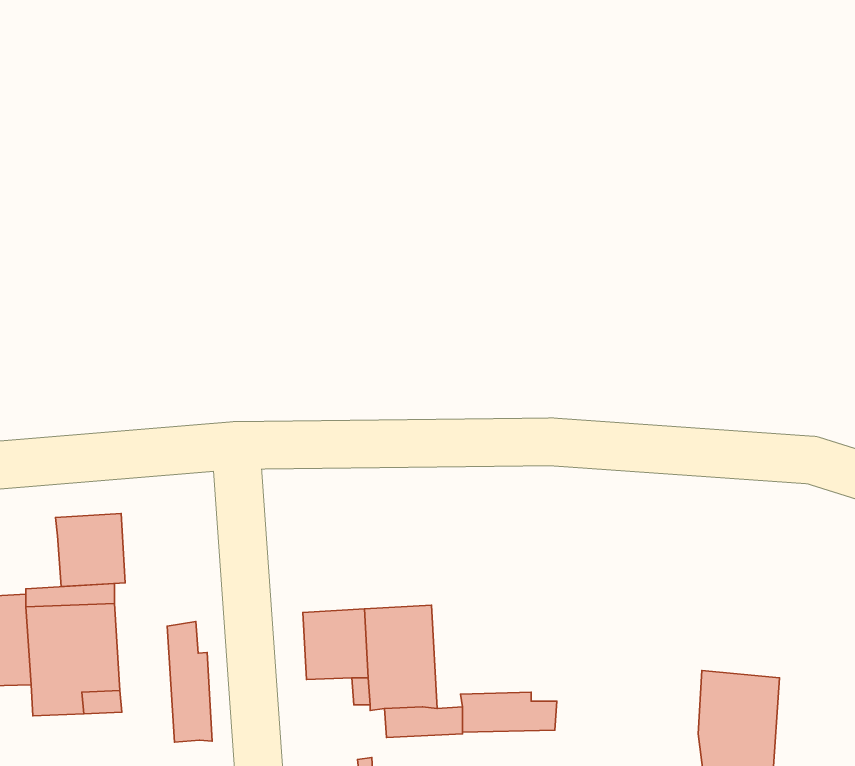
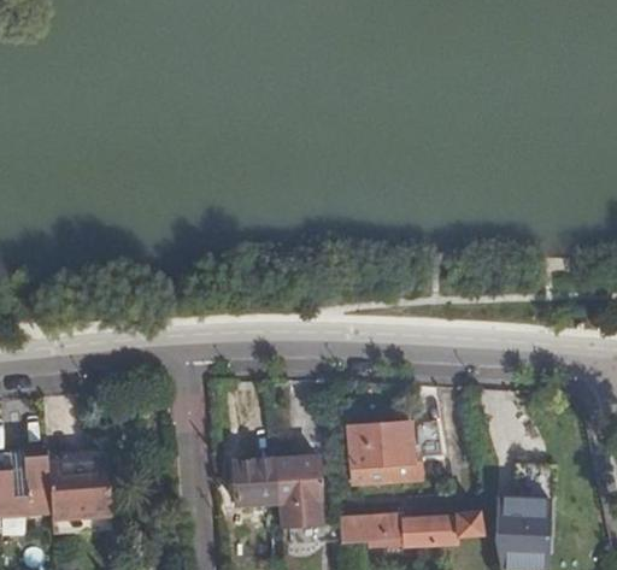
building: [55,514,125,587] -> none
building: none -> [349,425,422,482]
building: [167,621,212,742] -> none
building: none -> [400,510,481,543]

